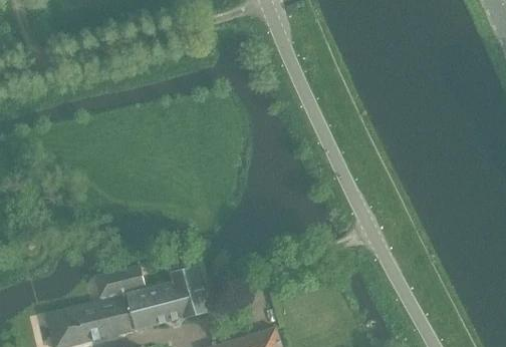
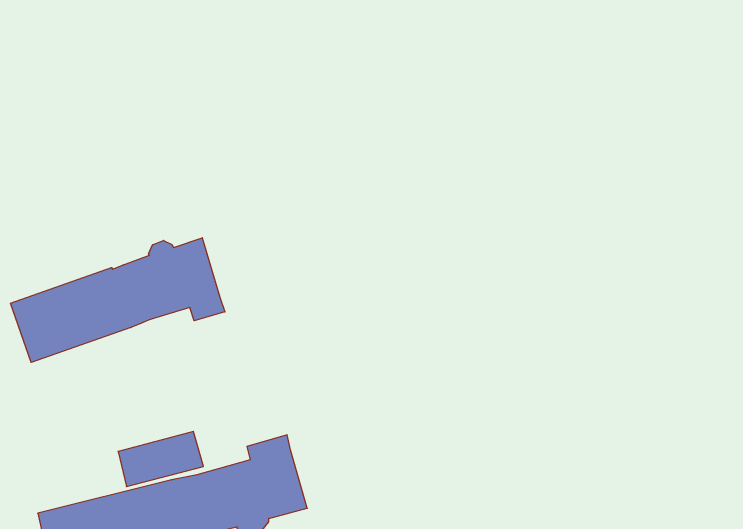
building: none -> [11,238,225,362]

